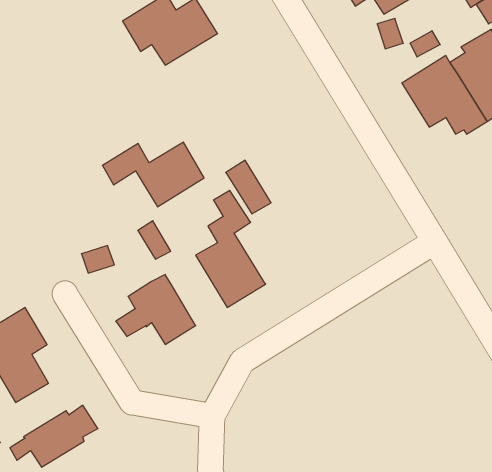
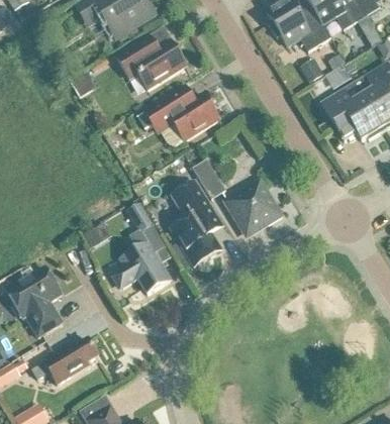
building: [102,142,204,207] -> [143,93,218,140]
building: none -> [228,184,282,233]
building: none -> [129,225,165,252]

